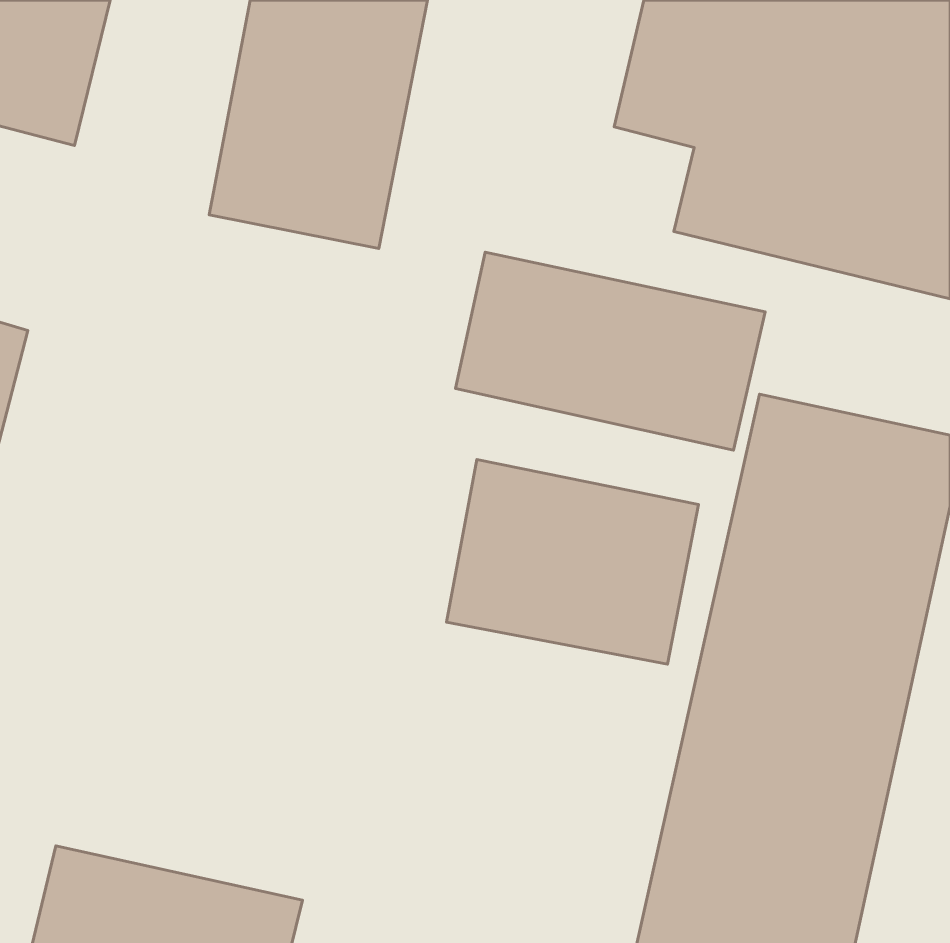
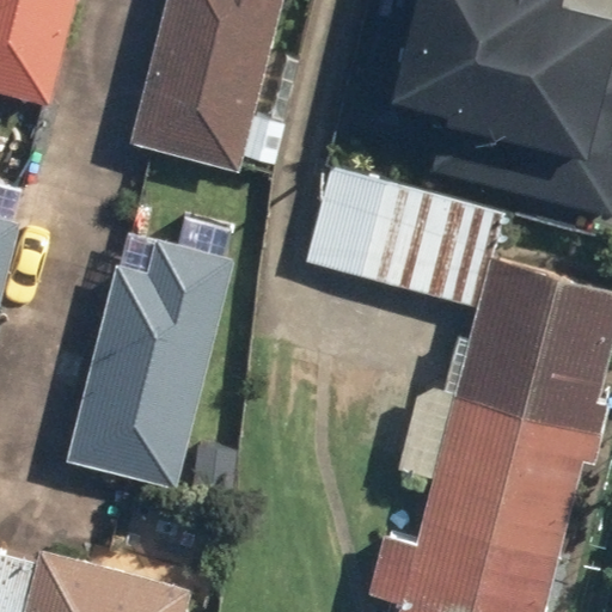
building: none -> [76,234,231,482]
building: [446,460,698,664] -> none

